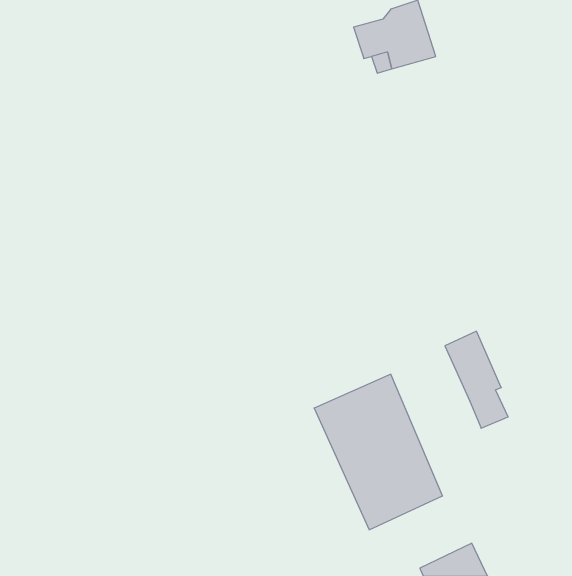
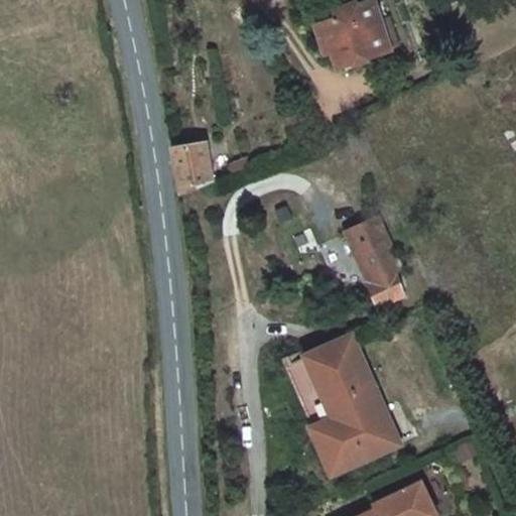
building: none -> [174,144,213,196]
building: [445,331,508,428] -> [350,216,406,302]

